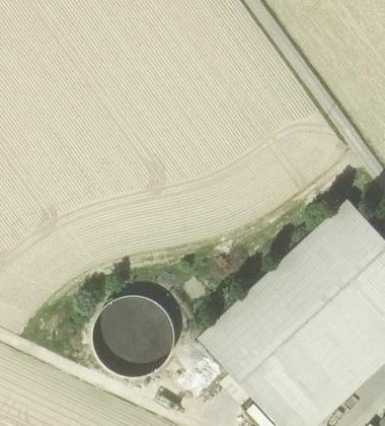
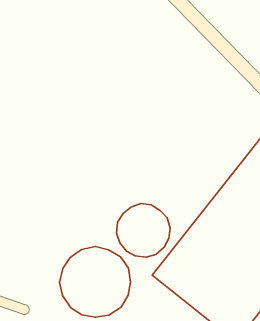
building: none -> [117,204,170,257]

